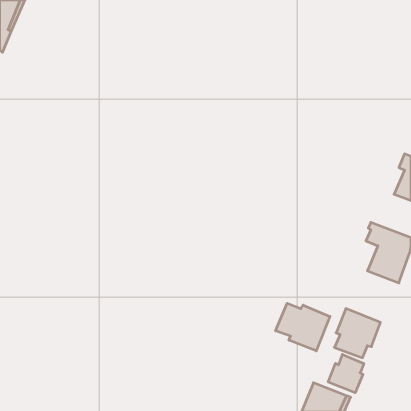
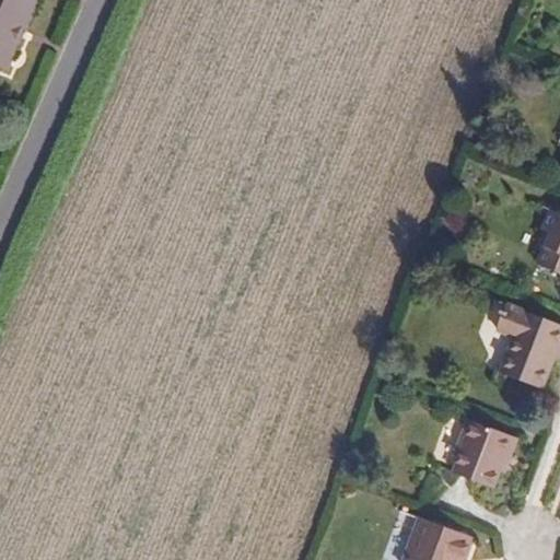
building: [276,303,330,351] -> none
building: [328,354,364,393] -> none

